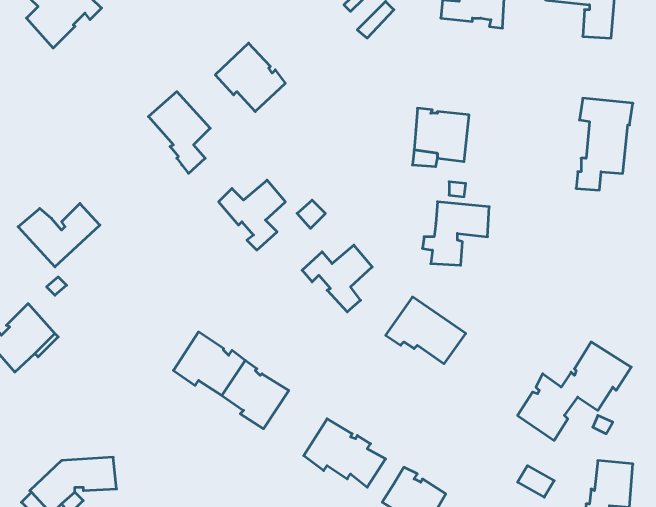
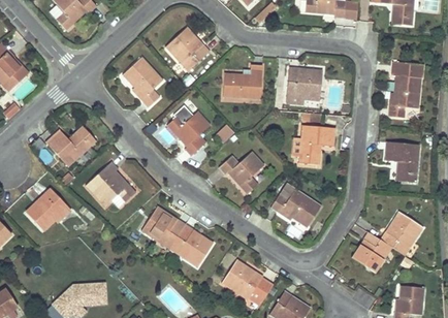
building: none -> [225,65,263,99]
building: none -> [386,141,420,183]
building: none -> [85,161,134,206]

